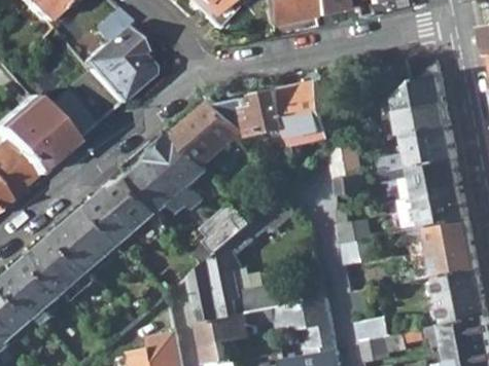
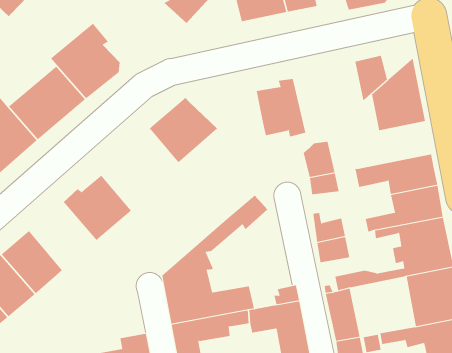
building: [214,89,285,136] -> none
building: [378,124,452,171] -> none
building: [128,132,207,212] -> none
building: [194,202,250,262] -> none
building: [57,204,123,270] -> none

